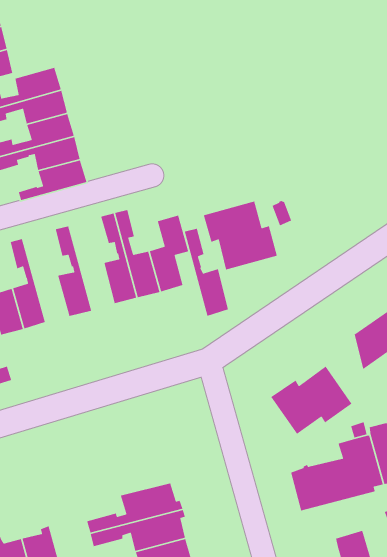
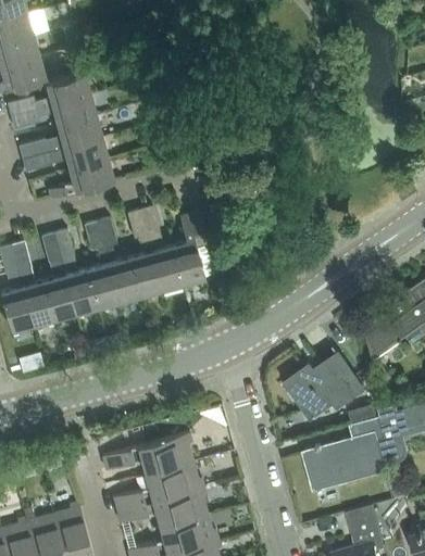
building: [203,200,278,271] -> none
building: [184,228,229,317] -> [97,218,139,302]
building: none -> [53,229,97,313]
building: none -> [102,433,192,475]

